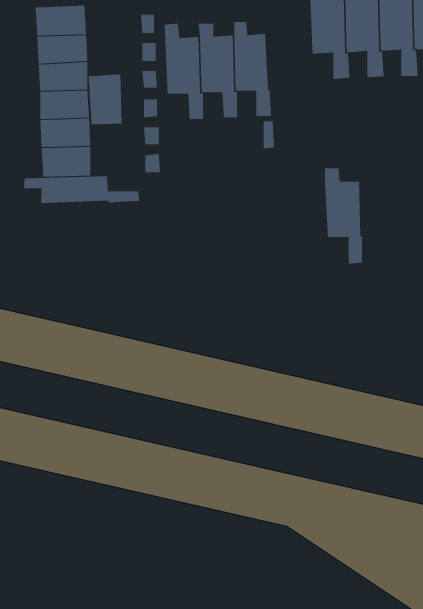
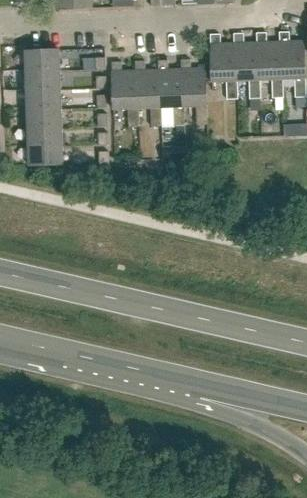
building: [88,73,122,125] -> none
building: [324,168,363,264] -> [180,59,206,124]
building: [24,175,140,204] -> none

